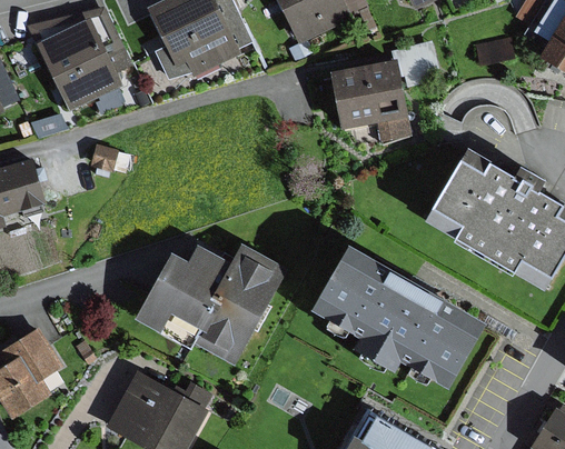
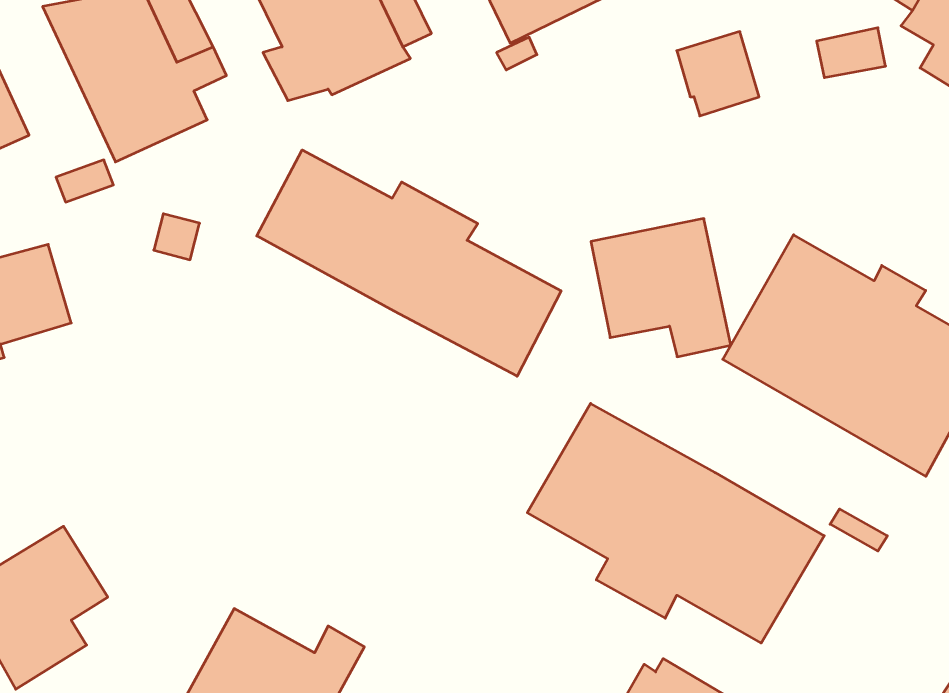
building: [329,61,410,141] -> [591,219,731,357]
building: none -> [257,150,561,376]
building: [131,246,282,363] -> none

